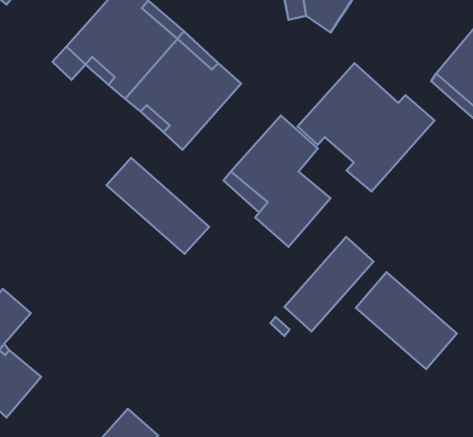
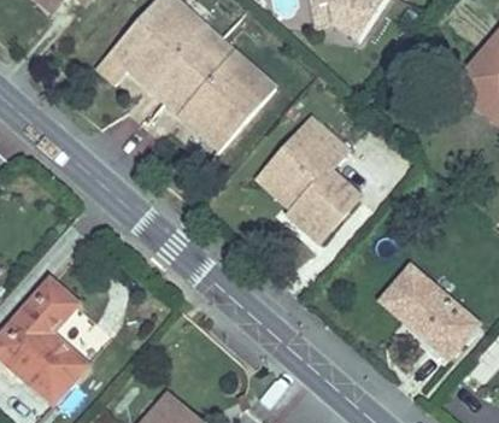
building: [298,63,434,192] -> none
building: [107,158,209,254] -> none
building: [284,237,374,331] -> none

